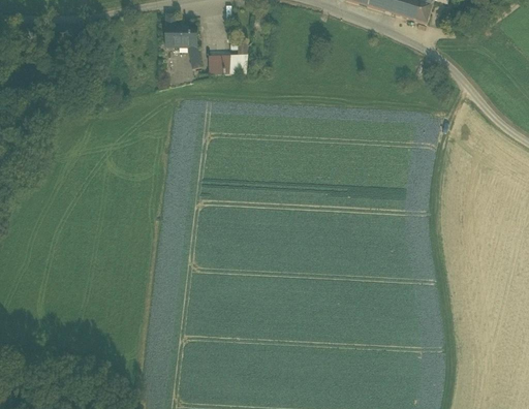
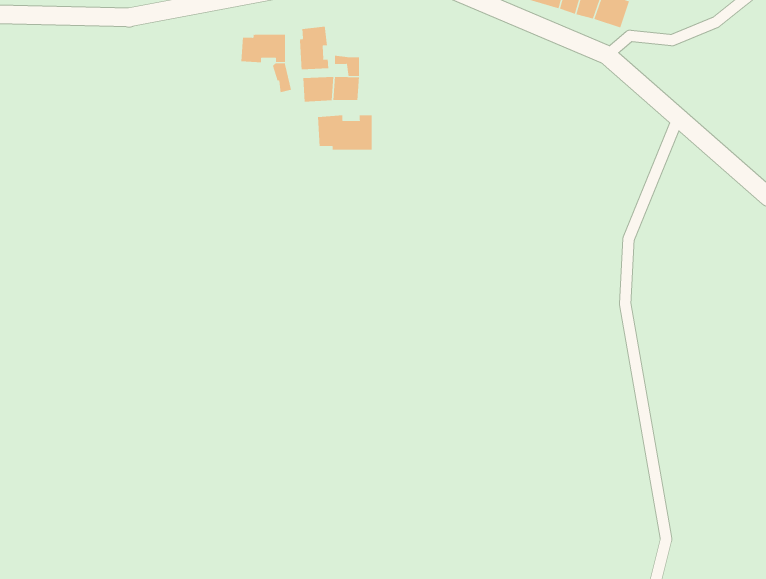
building: none -> [300,26,329,70]
building: none -> [317,115,372,151]

